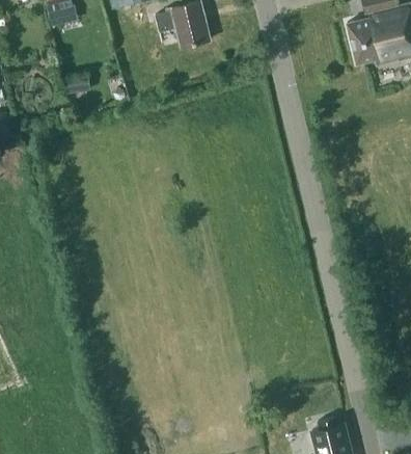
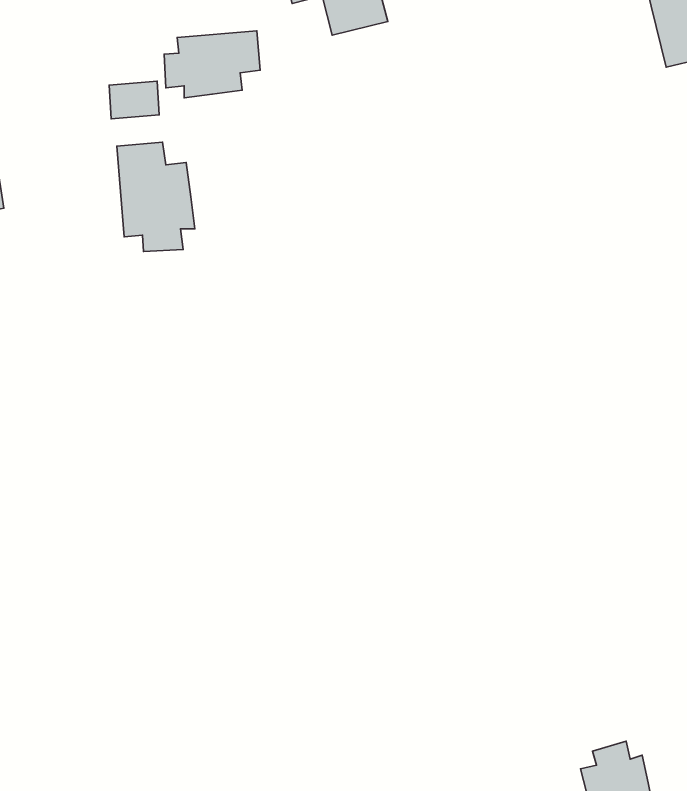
building: none -> [164,31,260,98]
building: none -> [117,142,195,251]

